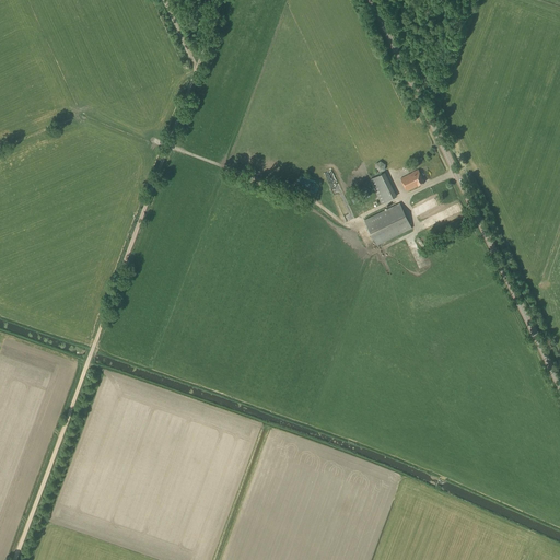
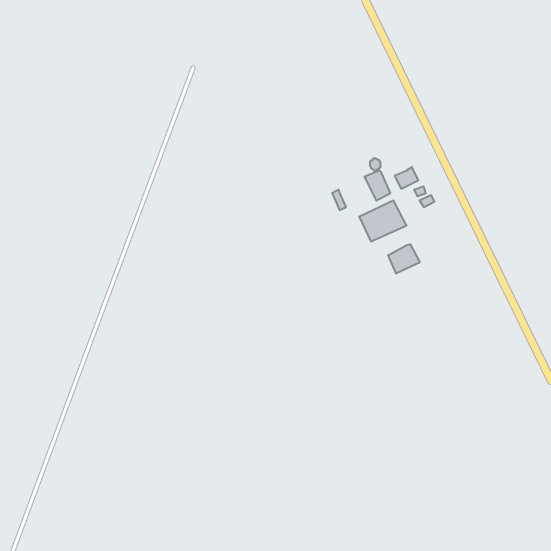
building: none -> [388,244,420,274]

